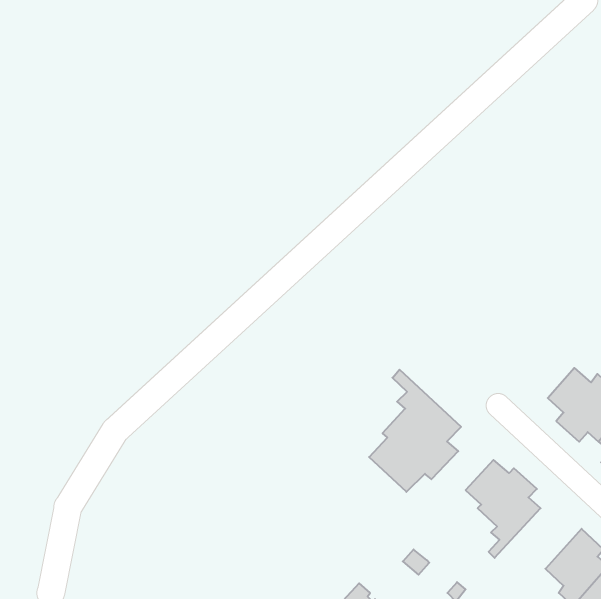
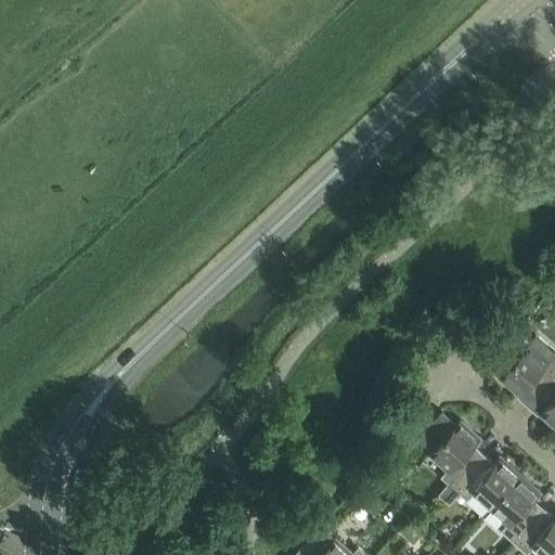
building: [369,370,461,492] -> none
building: none -> [459,473,537,527]

